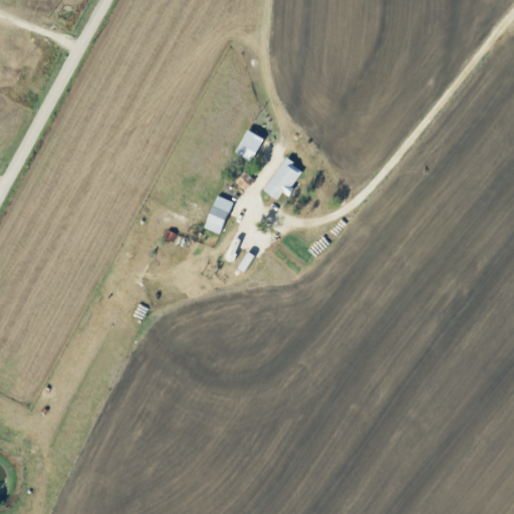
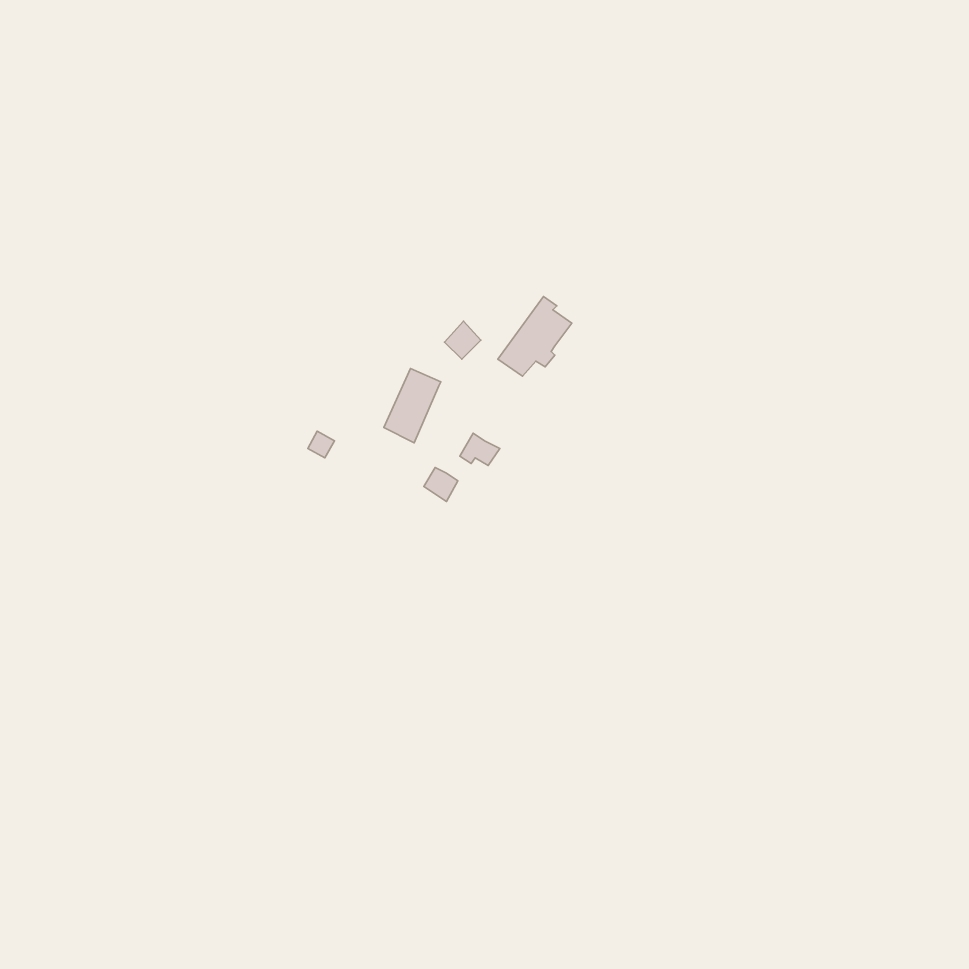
building: [236,128,265,160] -> none

